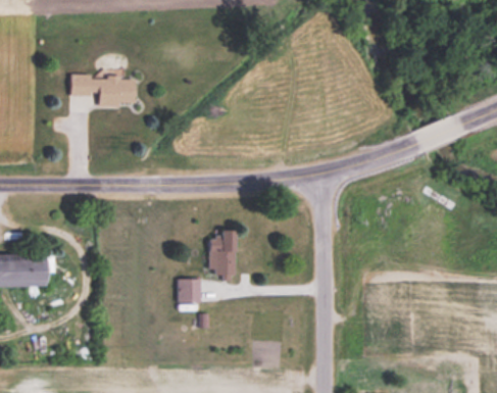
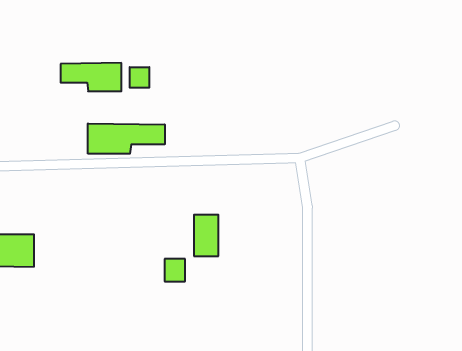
building: none -> [130,67,149,88]
building: none -> [88,123,165,154]

